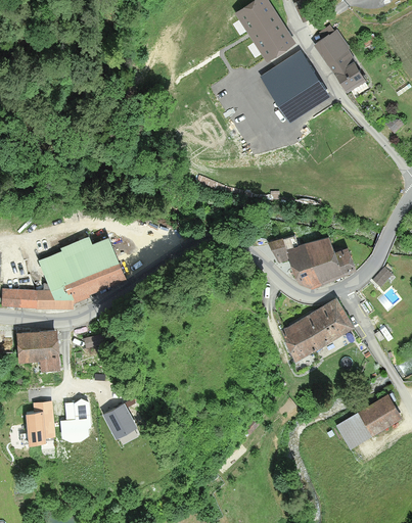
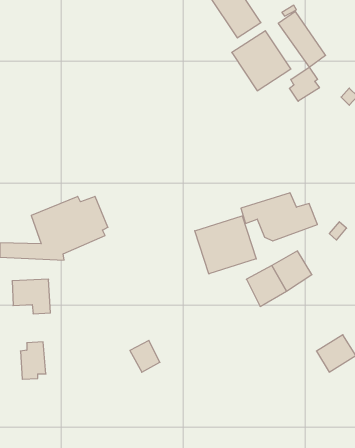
building: none -> [289,67,319,101]
building: none -> [195,216,256,274]
building: [59,400,90,444] -> none
building: [102,402,136,438] -> [130,340,160,372]
building: [335,412,372,448] -> none

